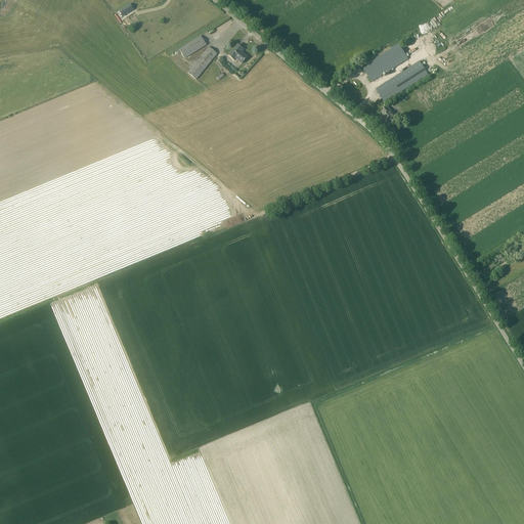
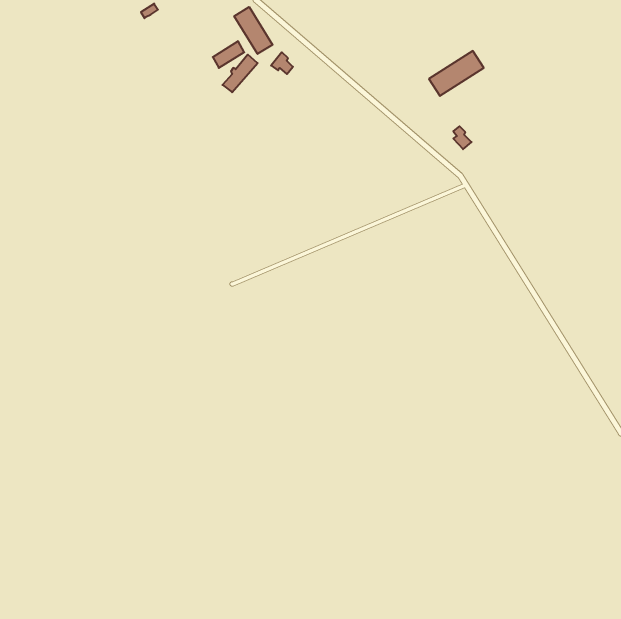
building: none -> [234,7,273,54]
building: [376,60,428,101] -> none

